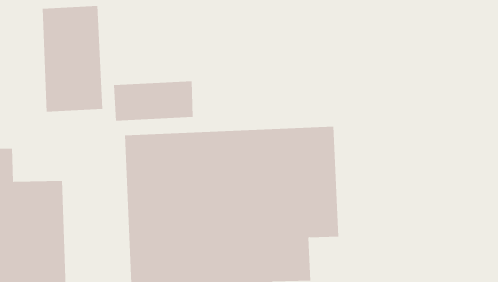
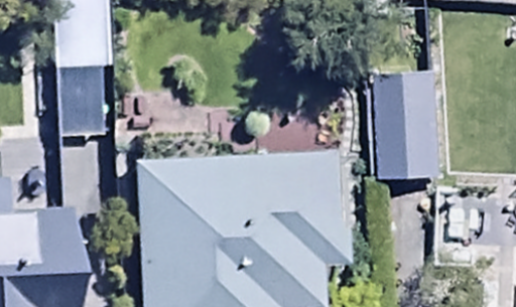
building: none -> [376,69,441,179]

